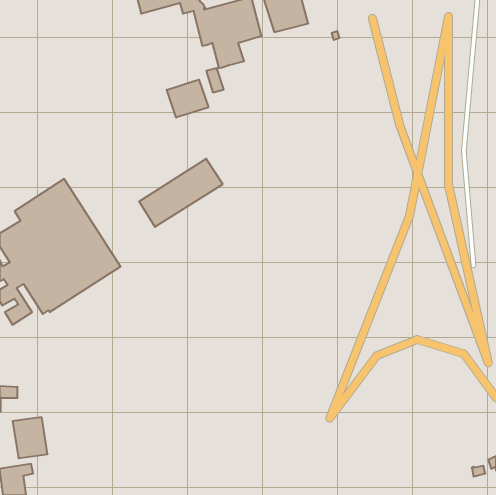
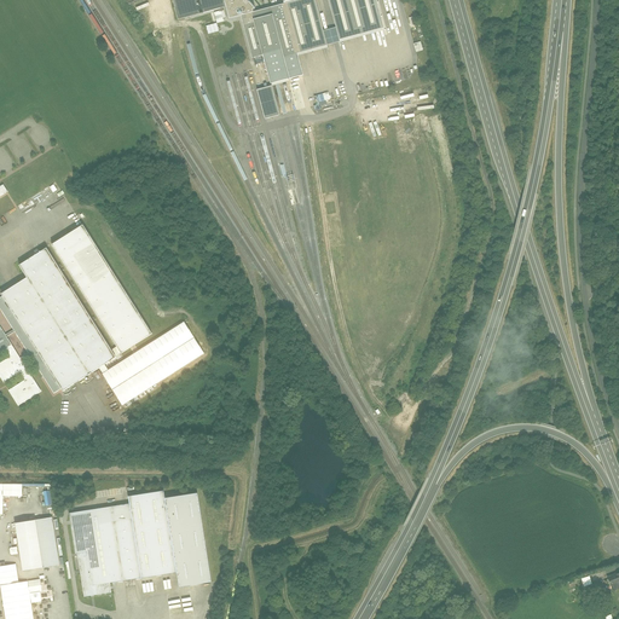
building: [167,80,208,118] -> none
building: [139,159,223,227] -> [100,320,204,405]
building: none -> [66,490,212,595]

